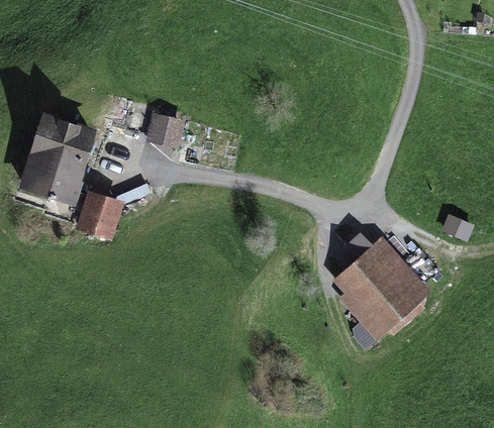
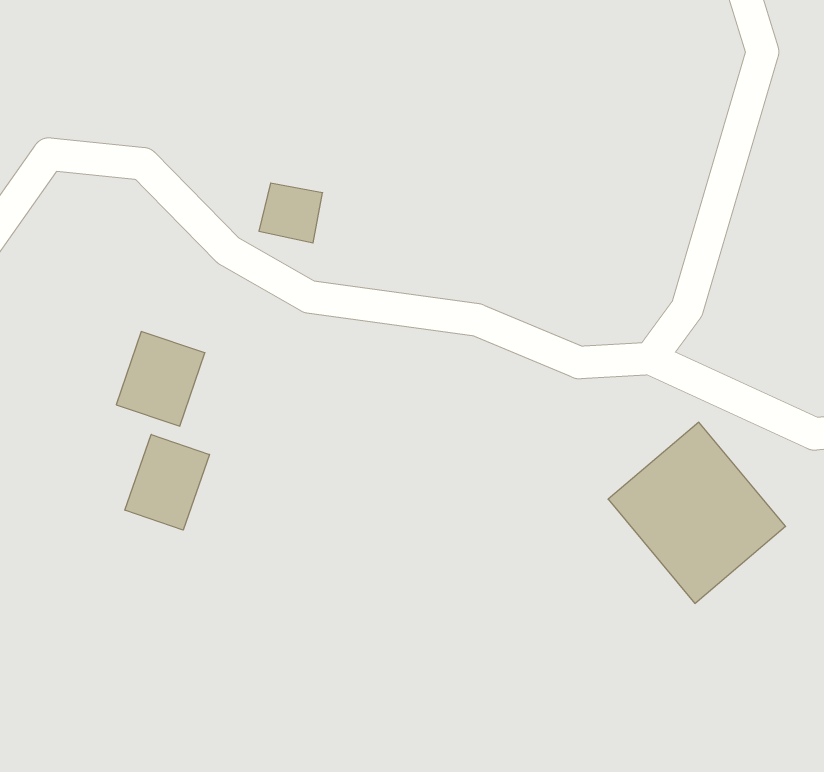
building: [21,111,95,203] -> none
building: none -> [125,434,209,530]

